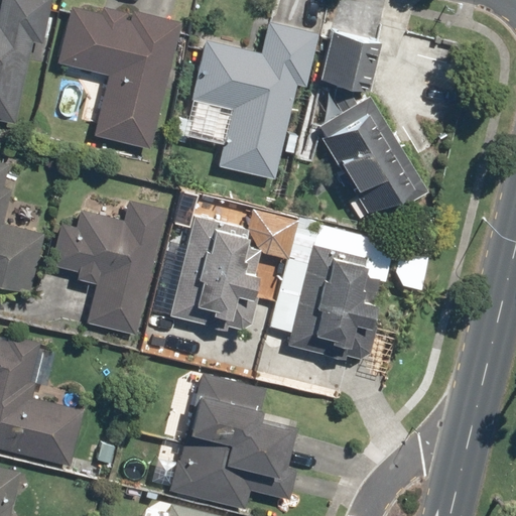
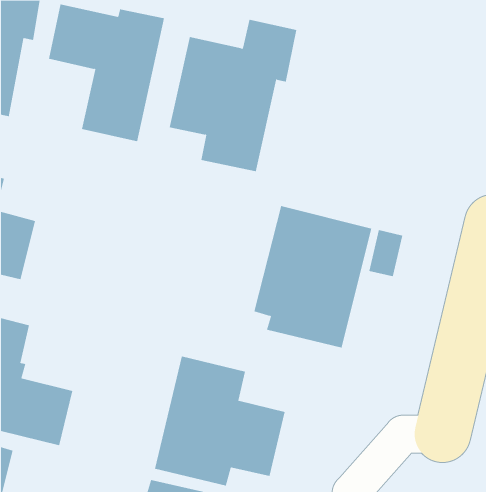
building: [314,31,424,226] -> none
building: [50,200,167,336] -> none
building: [167,212,267,334] -> none

